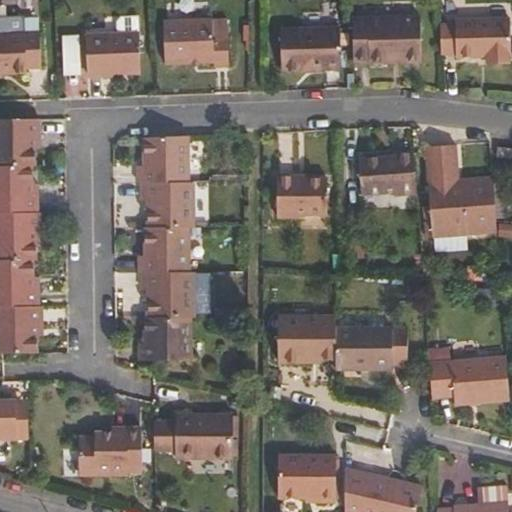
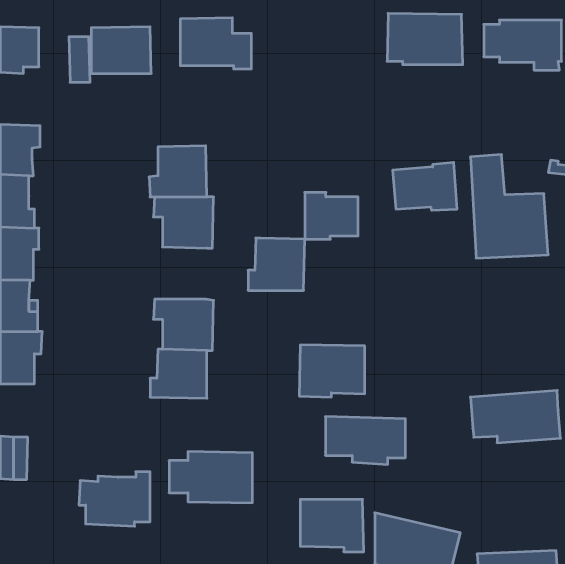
building: [278,31,337,73] -> none
building: [138,226,189,273] -> [248,238,305,290]
building: [331,326,403,369] -> [325,417,405,464]

